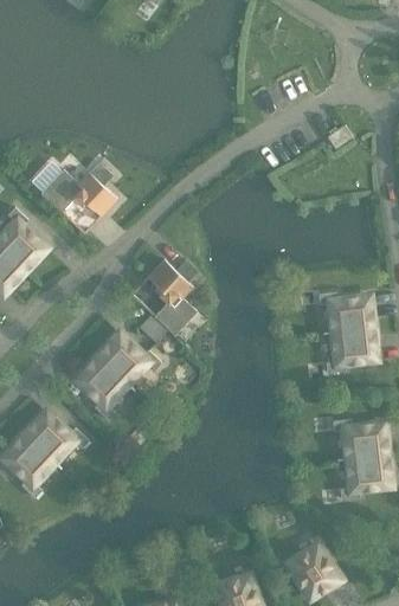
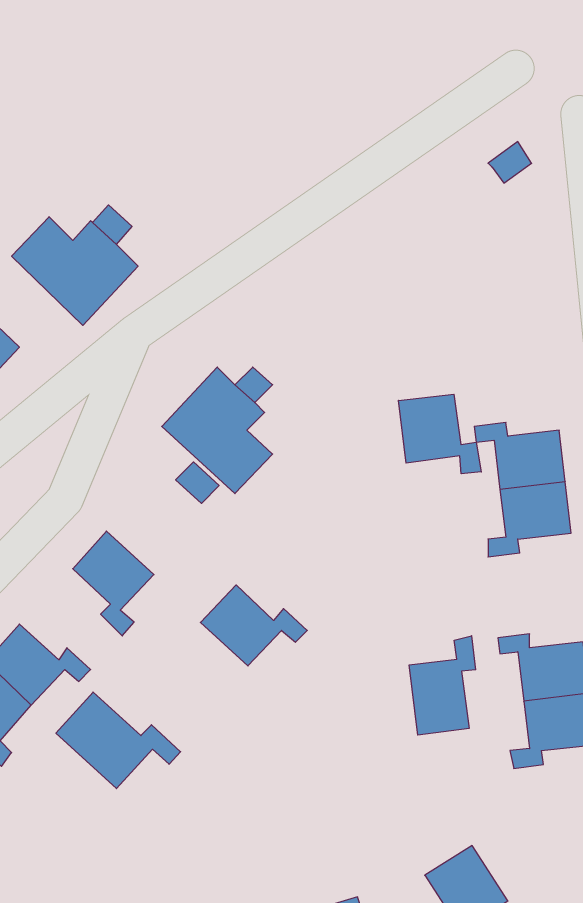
building: none -> [398,394,481,474]
building: [94,333,157,381] -> [200,585,307,666]
building: none -> [409,636,476,735]
building: none -> [56,692,181,789]

